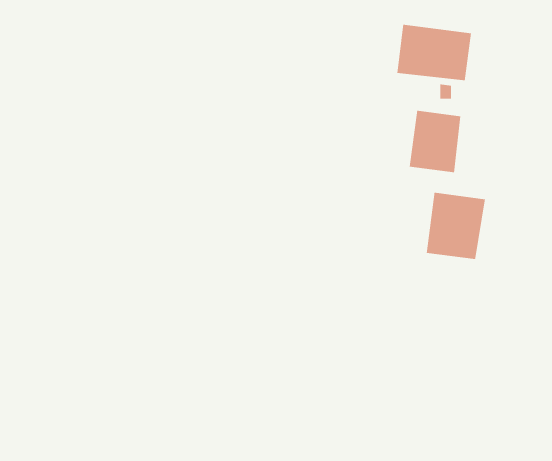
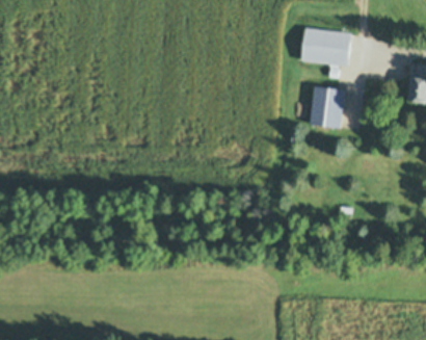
building: [426,192,485,260] -> none

